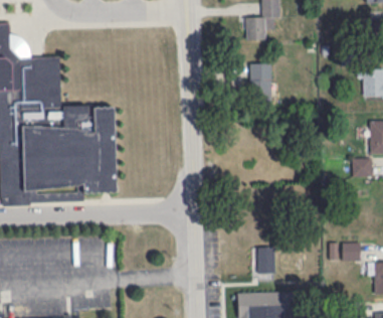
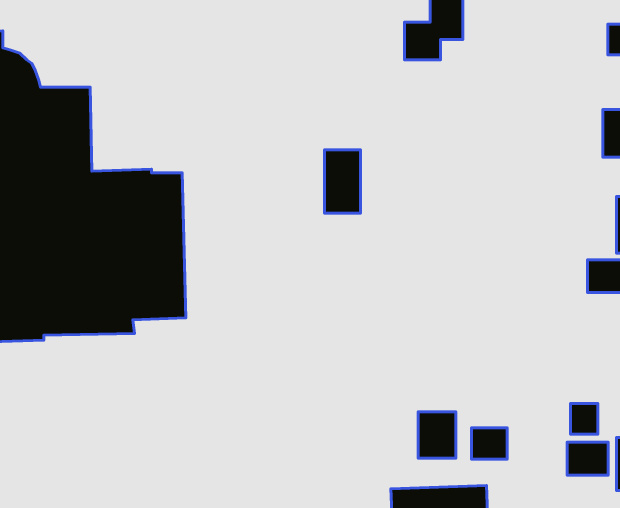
building: [249,63,270,101] -> [325,150,360,213]
building: none -> [471,428,507,459]
building: none -> [567,442,608,475]

